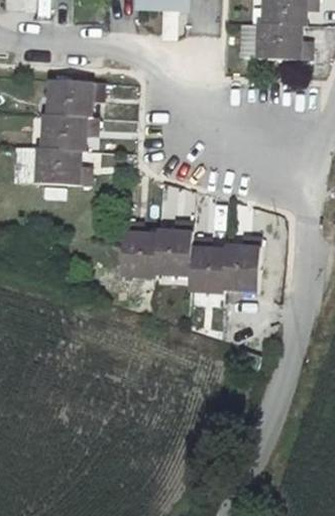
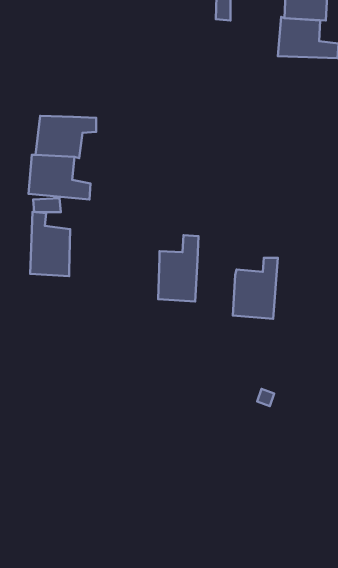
building: [38,77,94,113] -> none
building: [120,222,155,278] -> [30,212,70,276]
building: [186,239,222,294] -> none

